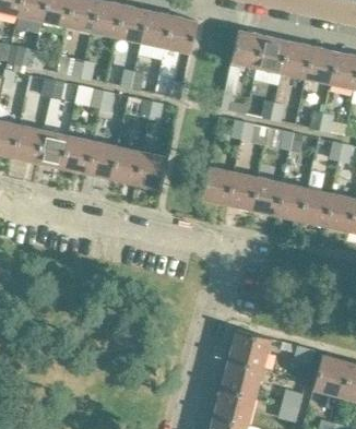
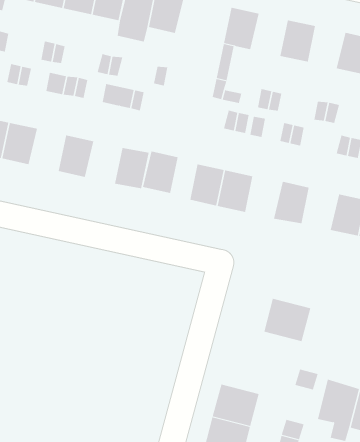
building: [254,35,286,72] -> none
building: [305,46,336,83] -> none
building: [61,135,93,172] -> none
building: [110,146,142,183] -> [142,151,178,194]
building: [250,177,282,214] -> none
building: [299,187,331,224] -> none
building: [228,329,270,367] -> [263,298,311,342]

